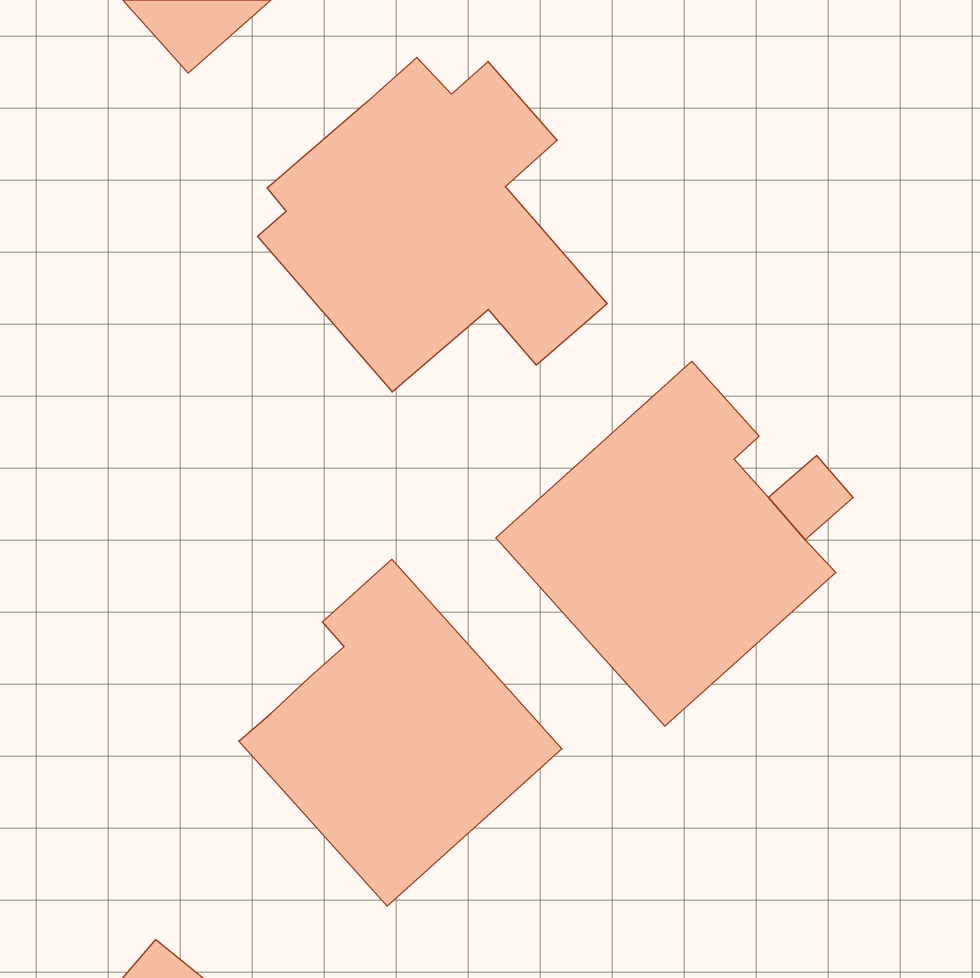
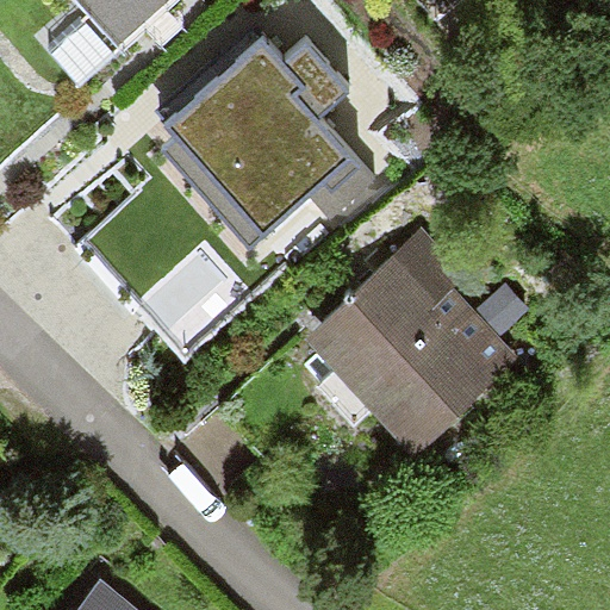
building: [239,559,562,906] -> none

